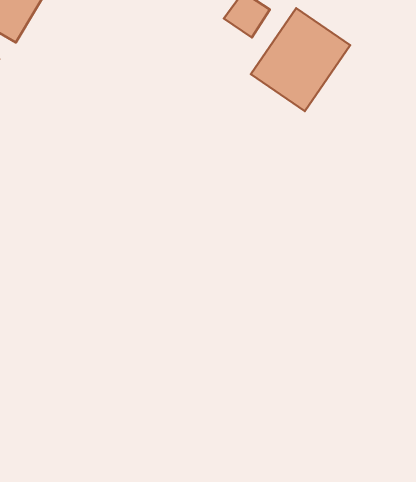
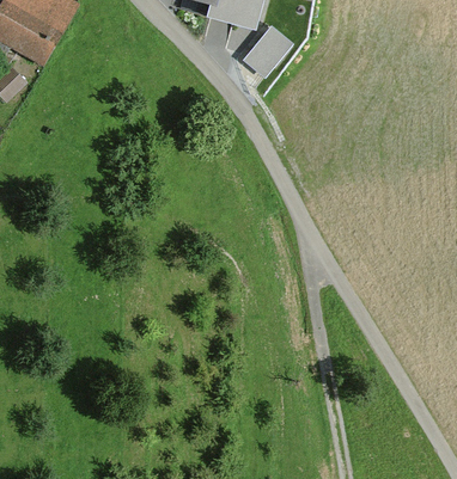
building: [251,8,350,111] -> none

